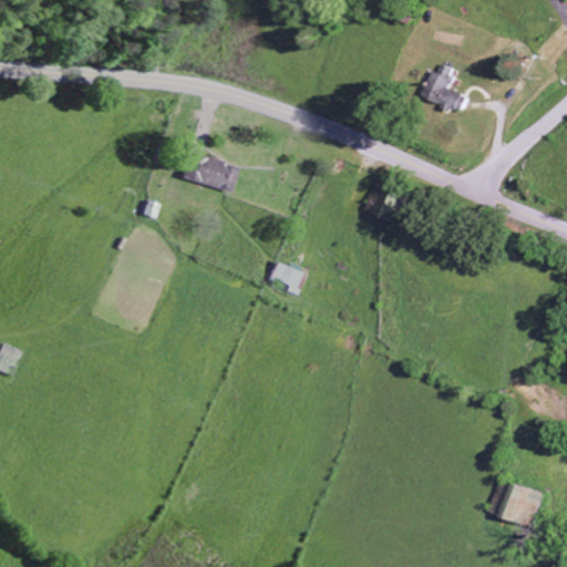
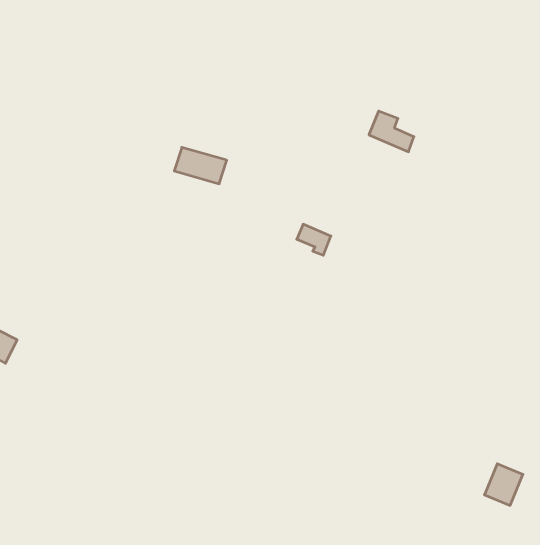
building: [421,70,467,112] -> [369,111,414,152]
building: [268,261,303,293] -> [297,224,331,255]

